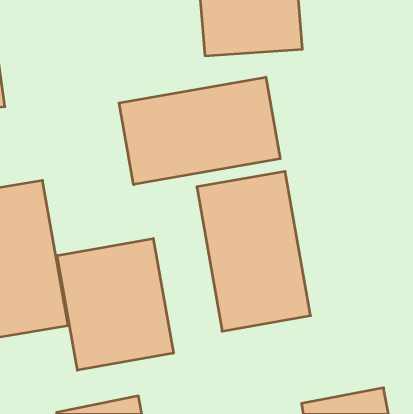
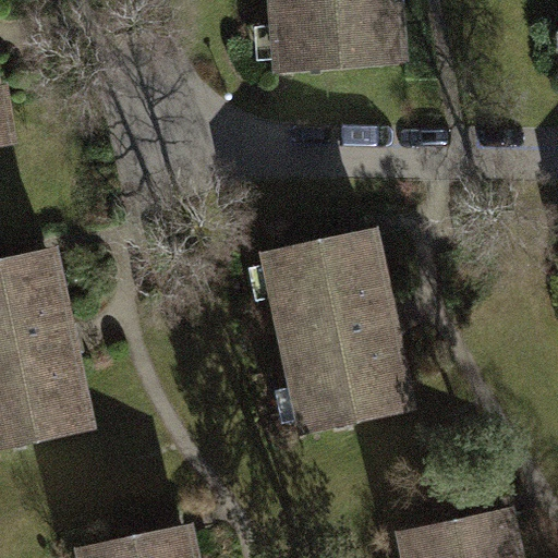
building: [119,77,280,185] -> none
building: [57,238,173,370] -> none

